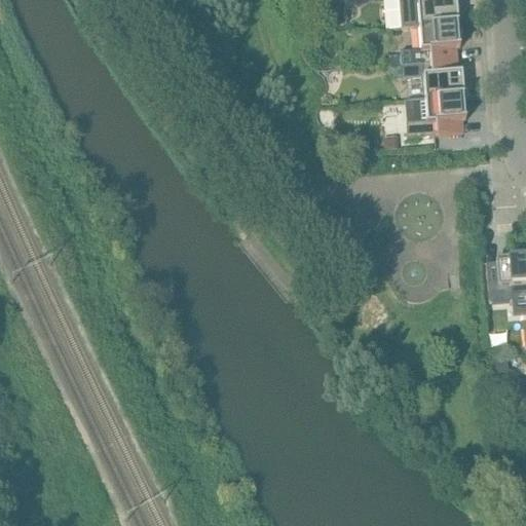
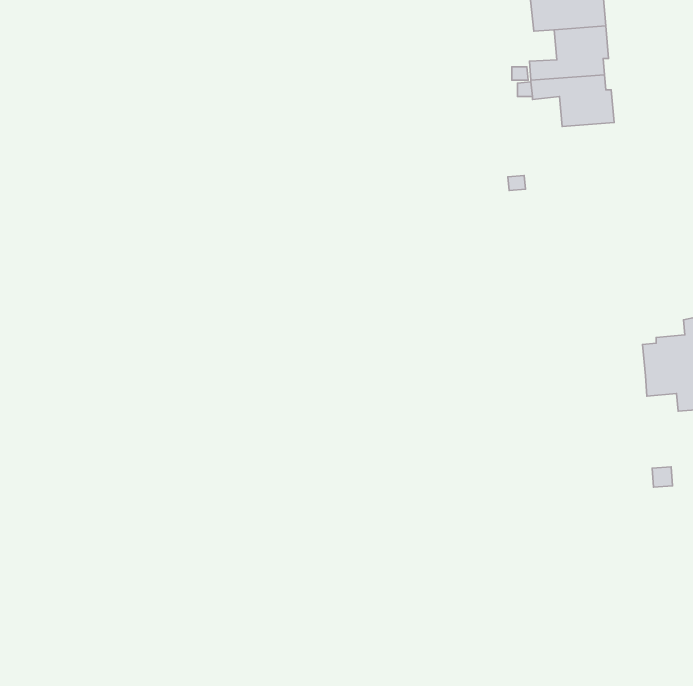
building: [406,92,466,135] -> none

